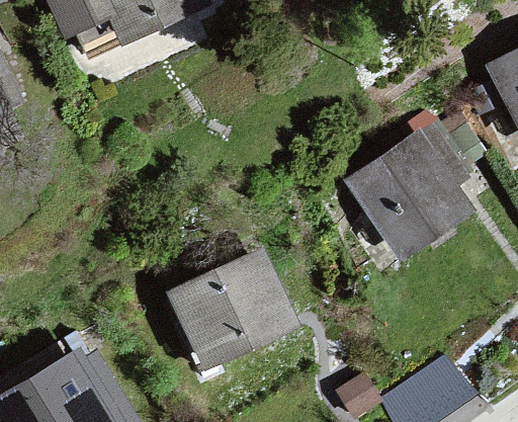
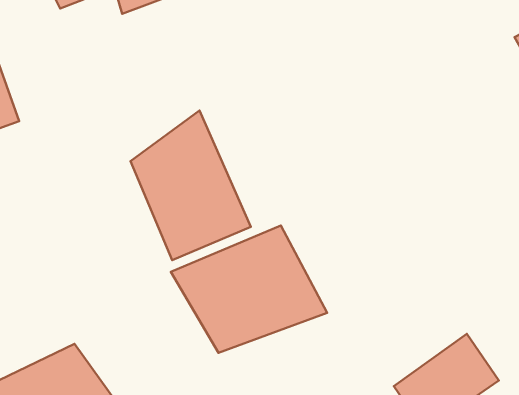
building: [339,140,472,259] -> none
building: none -> [130,110,251,260]

